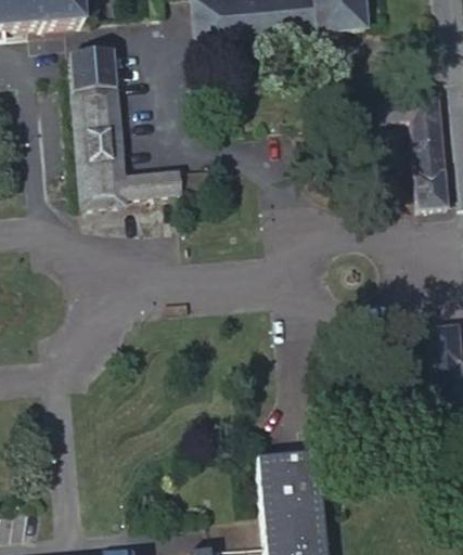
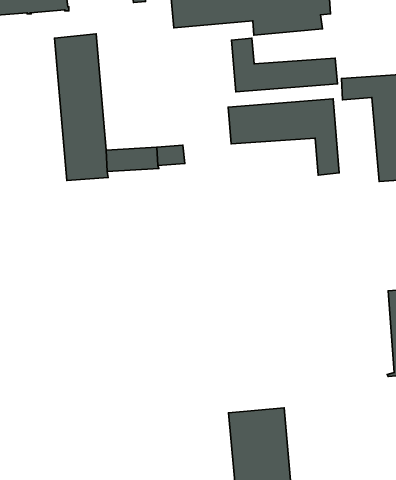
building: none -> [231,38,338,92]
building: none -> [228,99,339,175]

